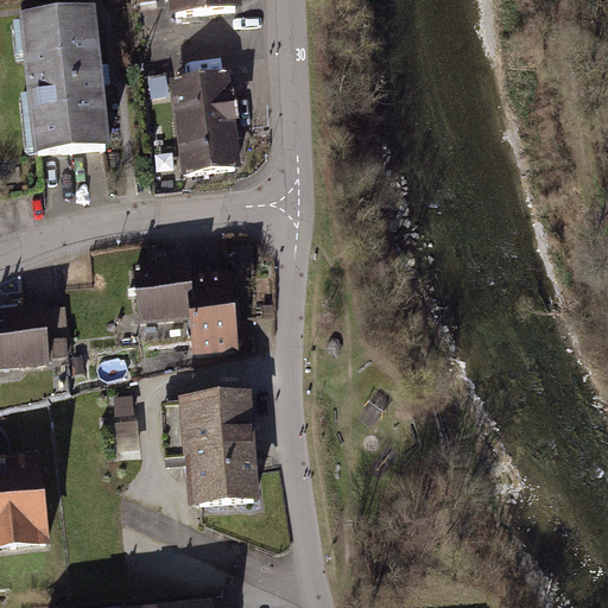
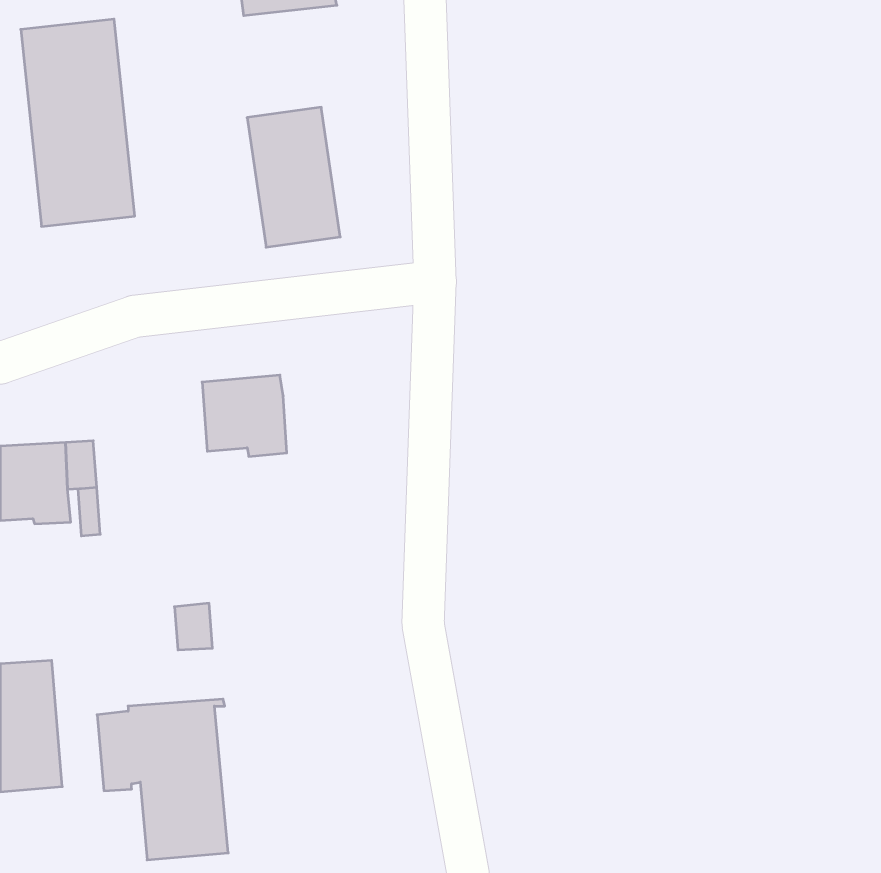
building: [196,268,245,349] -> none
building: [165,391,255,501] -> [97,699,228,860]

